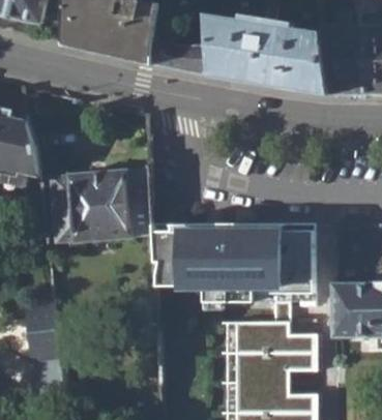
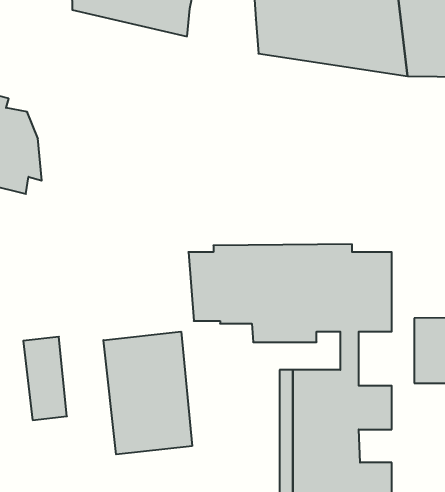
building: [153,40,209,76] -> none
building: [48,166,152,242] -> none
building: none -> [103,332,192,454]

